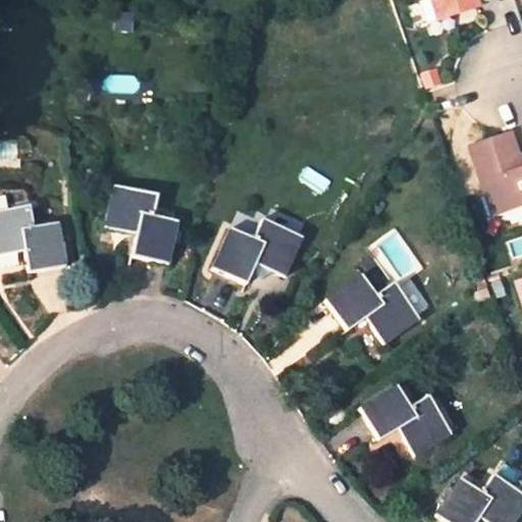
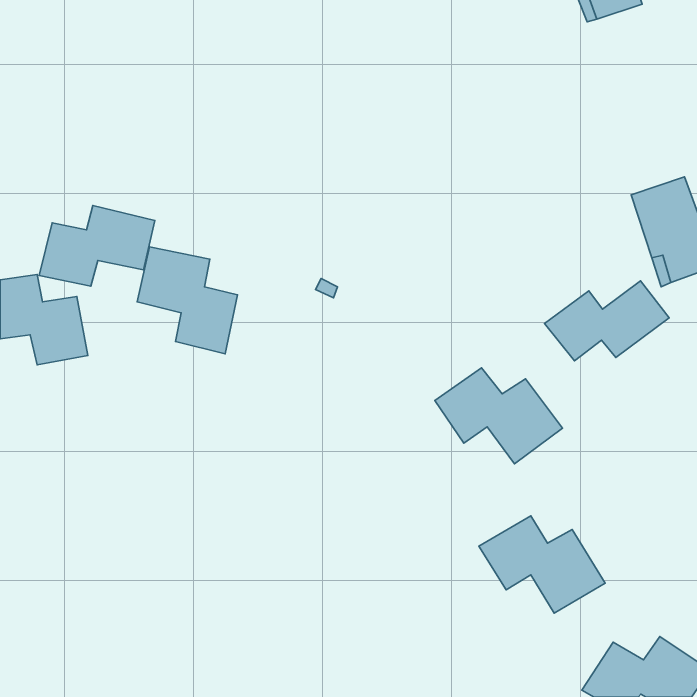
building: none -> [39,205,155,286]
building: none -> [545,281,669,361]
building: [213,217,304,281] -> none

